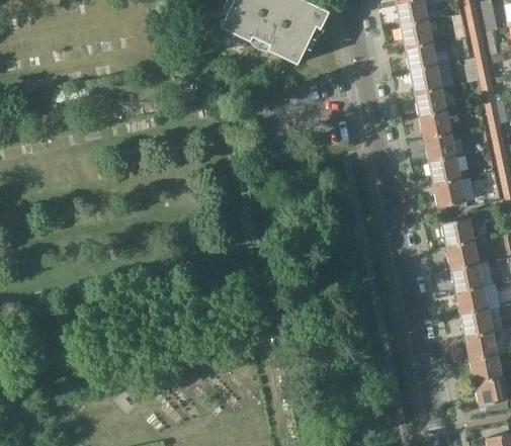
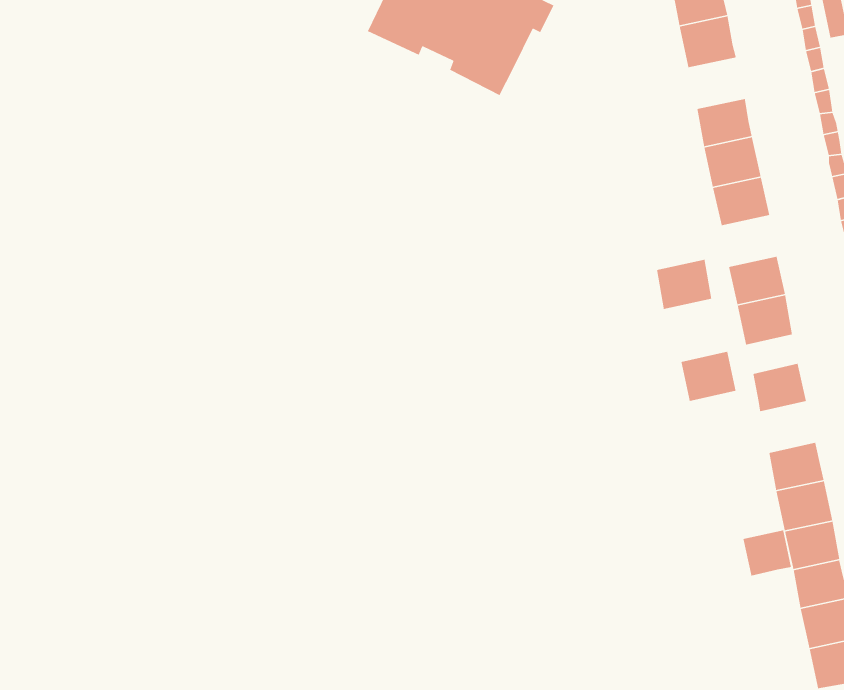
building: [406,41,439,71] -> none
building: [425,132,457,162] -> [656,259,712,310]
building: [447,240,480,269] -> [680,351,737,402]
building: none -> [743,529,792,577]

